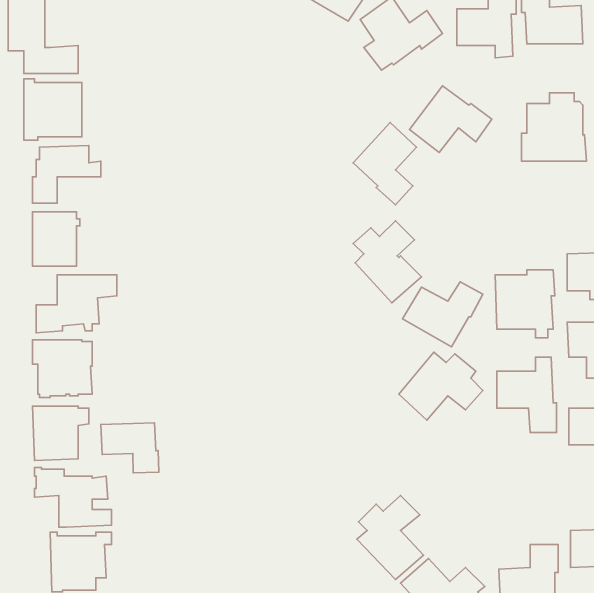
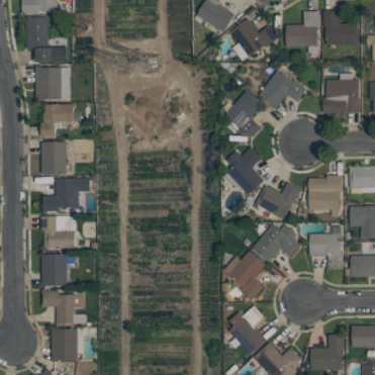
building: none -> [222,251,265,299]
building: [101,423,159,473] -> none

